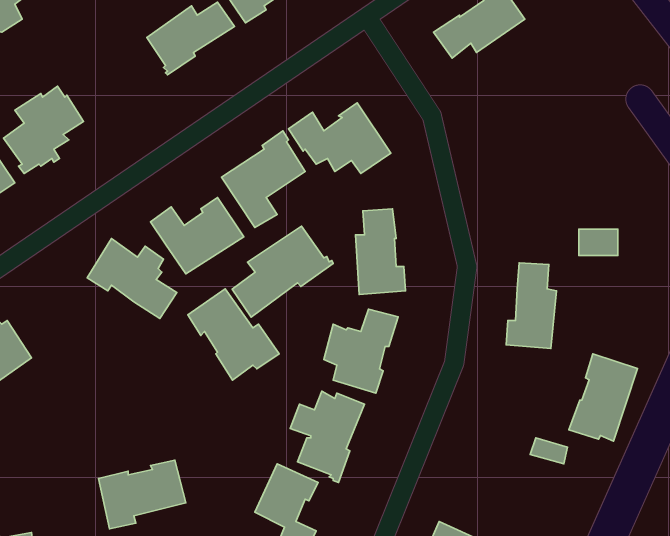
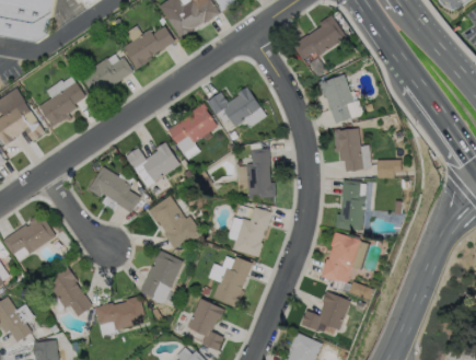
building: none -> [80,57,133,97]
building: none -> [317,73,353,123]
building: none -> [333,127,363,171]
building: [232,226,333,317] -> none
building: [569,354,638,441] -> [320,231,360,282]
building: none -> [139,249,184,304]
building: none -> [46,264,93,315]
building: none -> [301,291,350,329]

